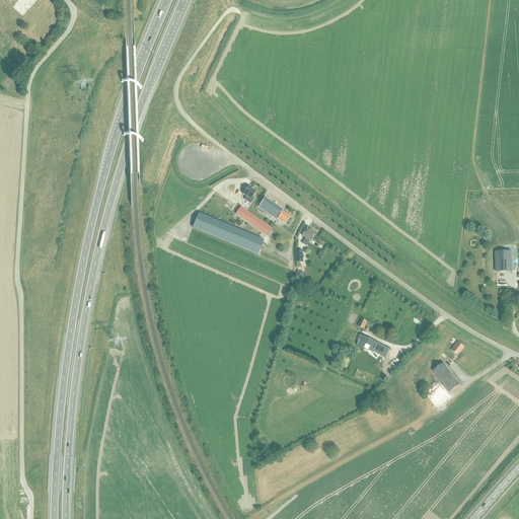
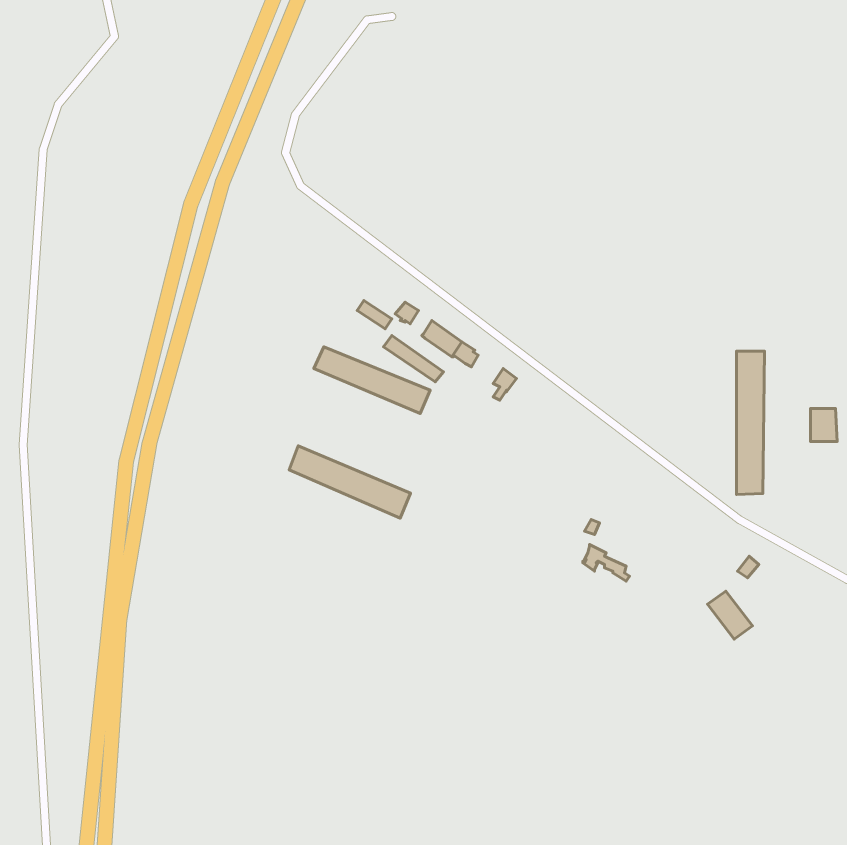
building: none -> [737,351,764,494]
building: none -> [289,446,411,518]

